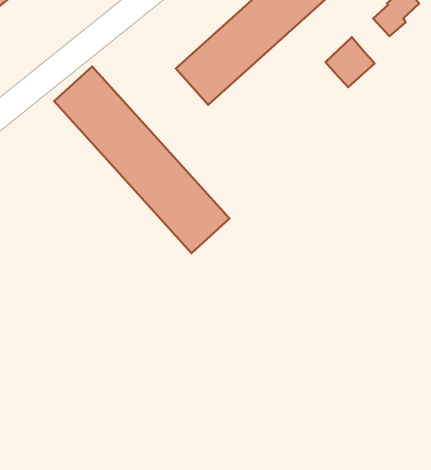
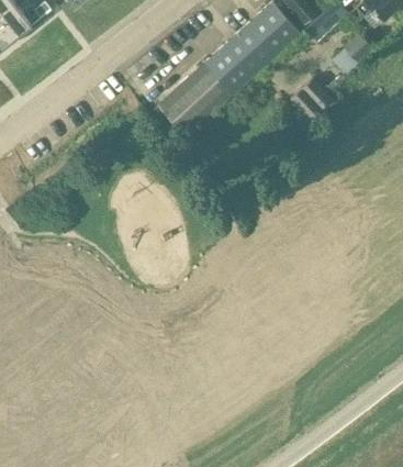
building: [54,67,230,253] -> none

